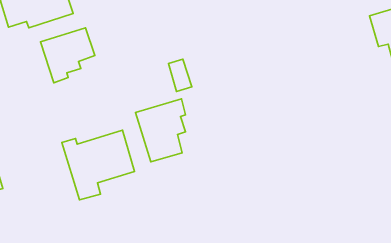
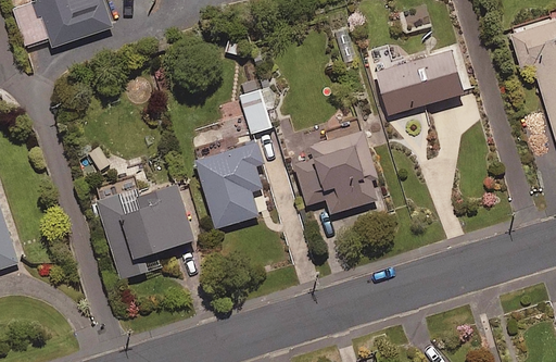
building: [40,28,95,83] -> none
building: none -> [376,49,465,114]
building: none -> [295,128,378,213]

